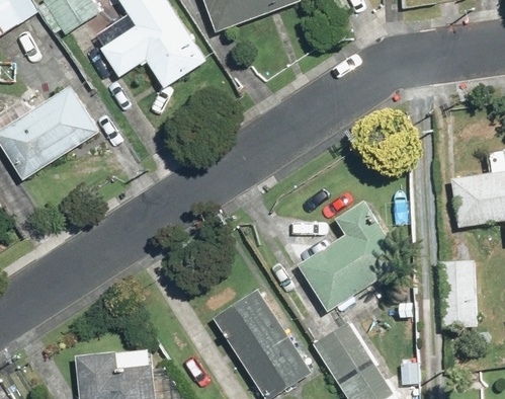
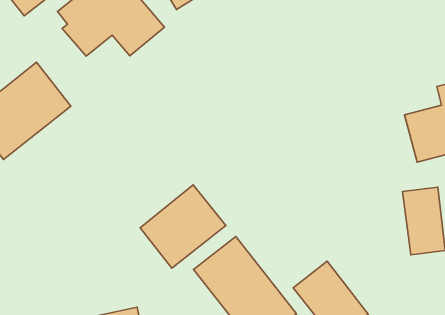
building: [299,202,401,308] -> none
building: none -> [140,185,226,268]

